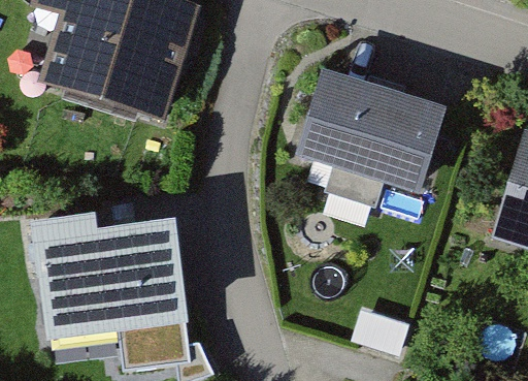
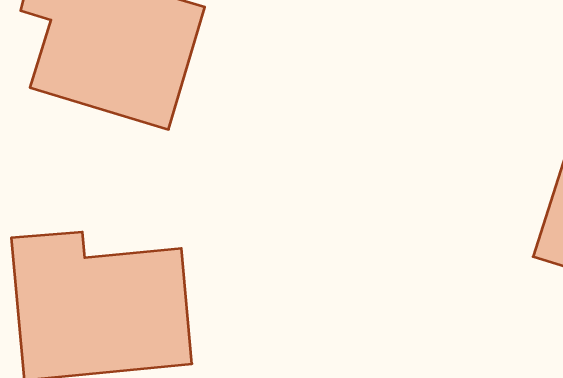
building: [294,73,451,193] -> none

